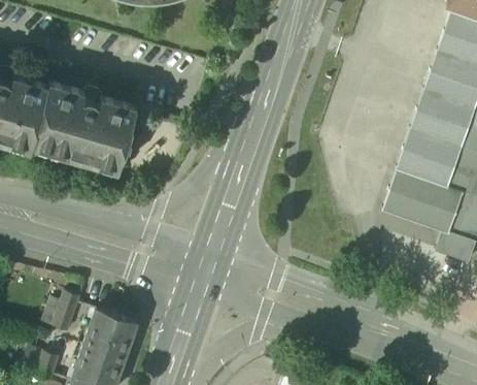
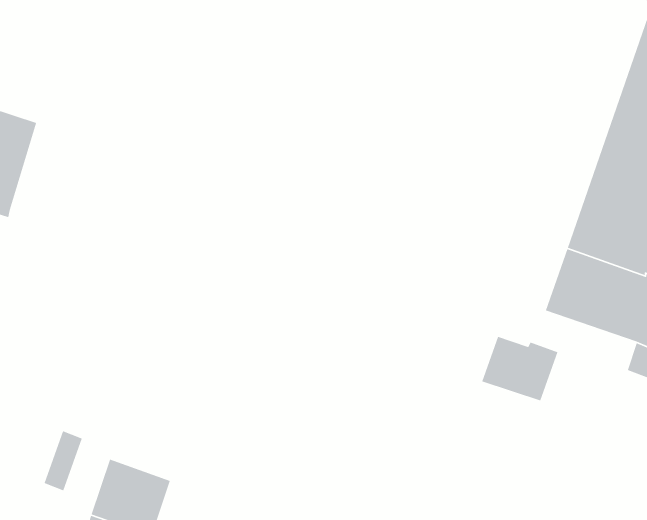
building: [31,84,135,170] -> none
building: none -> [481,336,559,402]

